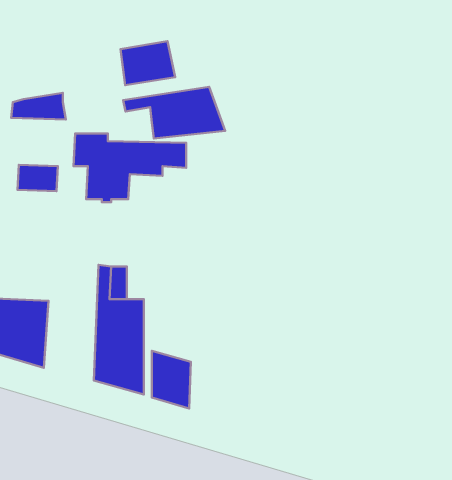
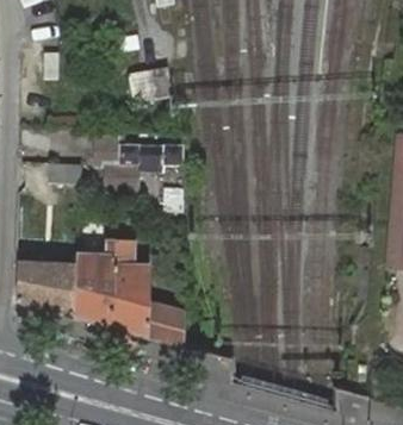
building: [123,87,225,138] -> none
building: none -> [72,238,113,326]

